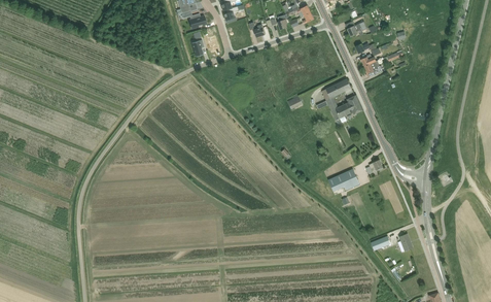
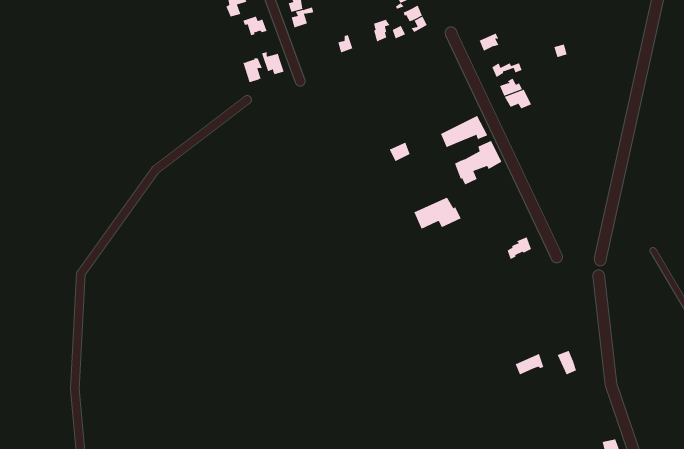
building: [327,170,359,192] -> [413,197,462,229]

